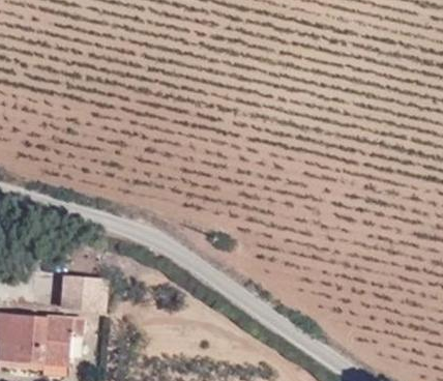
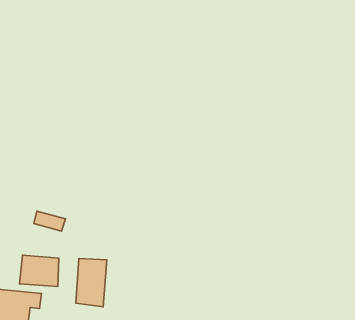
building: none -> [76,259,107,307]

